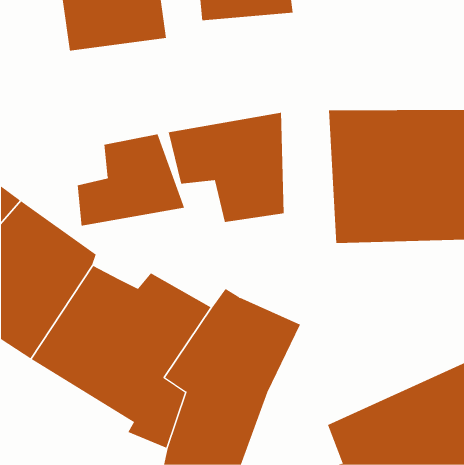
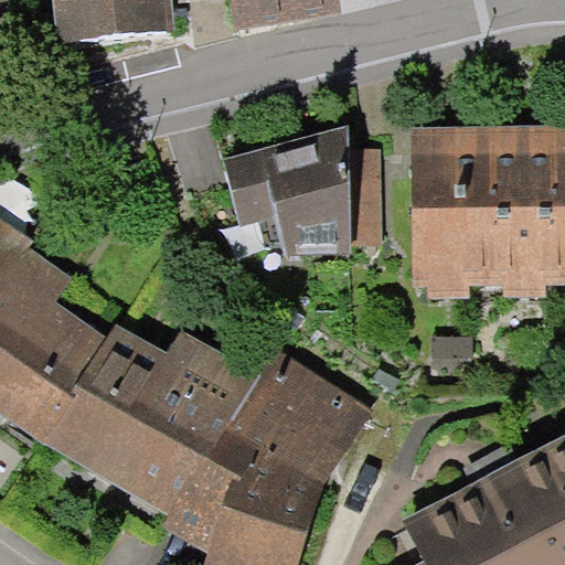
building: [77,133,185,226] -> none

